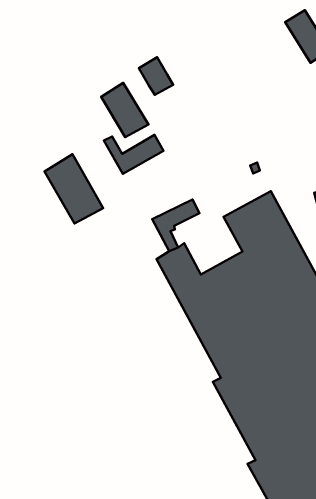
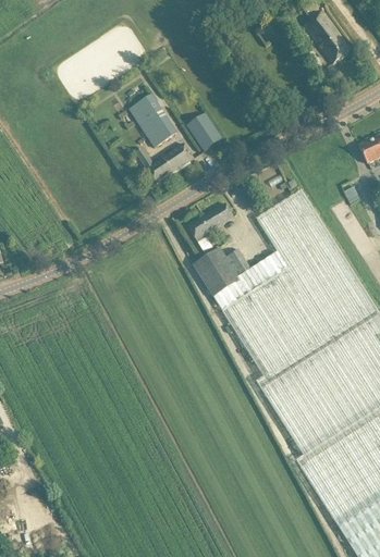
building: [139,57,173,95] -> [187,113,222,150]
building: [44,154,103,224] -> none

